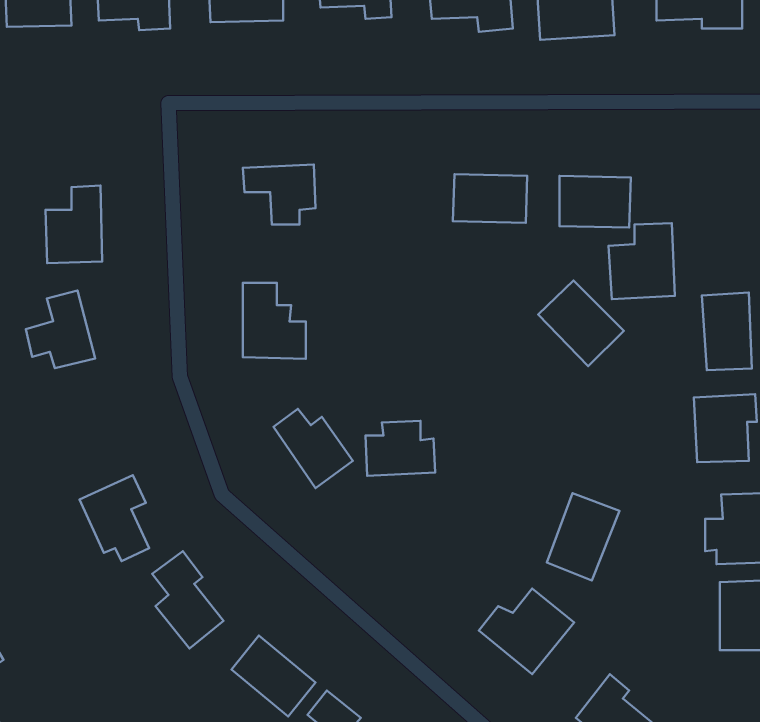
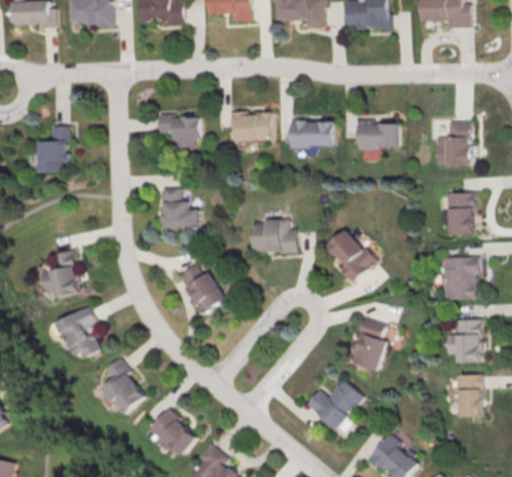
building: none -> [231,111,274,142]
building: [609,223,675,299] -> [431,121,473,169]
building: [538,281,624,366] -> [323,229,377,283]
building: [26,290,95,368] -> [39,250,83,298]
building: [366,421,435,476] -> [252,217,296,252]

